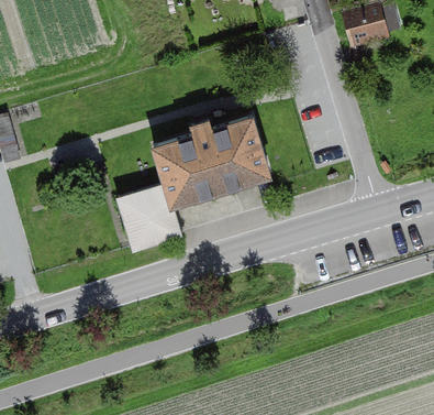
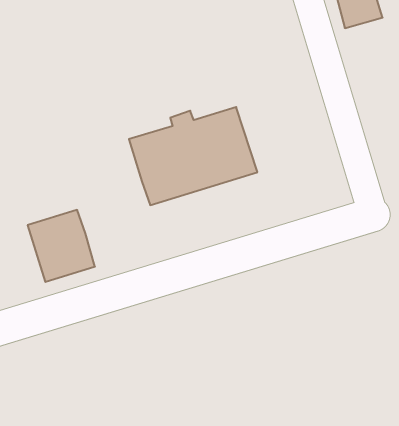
building: [118,184,180,251] -> [28,210,95,282]

